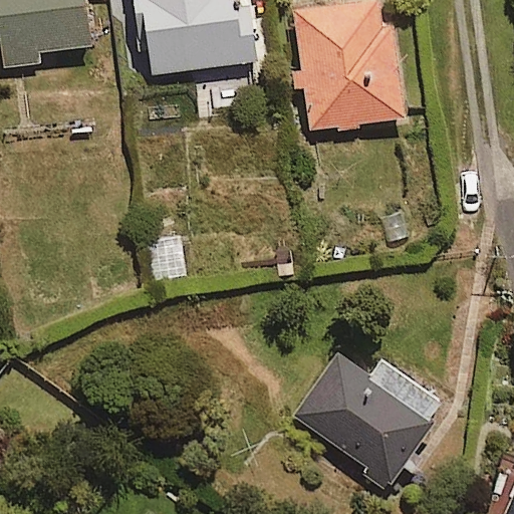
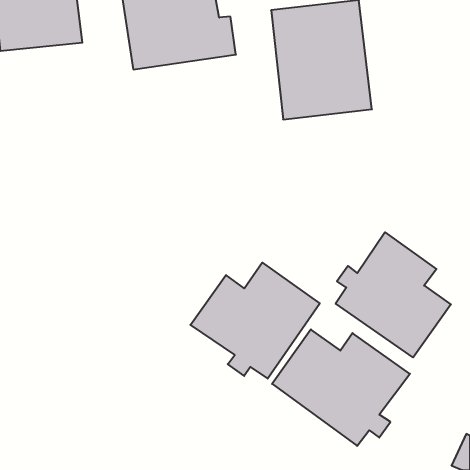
building: none -> [336,232,451,357]
building: none -> [190,263,320,379]

